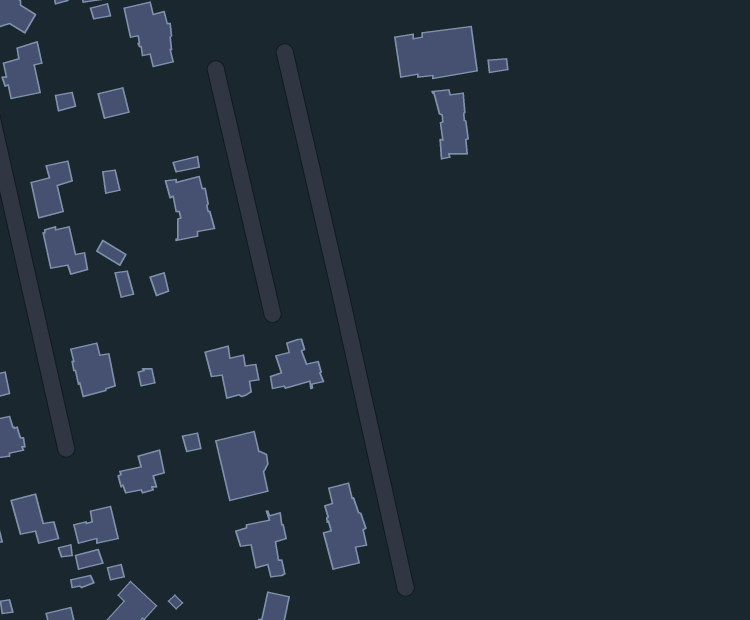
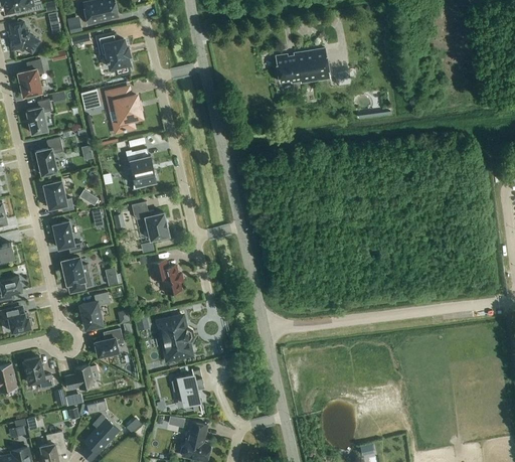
building: none -> [107,89,142,132]
building: [432,90,468,159] -> none
building: none -> [26,100,51,136]
building: none -> [132,202,169,241]
building: none -> [53,221,83,254]
building: [270,339,324,389] -> none
building: none -> [80,292,111,328]
building: [324,483,367,569] -> none

